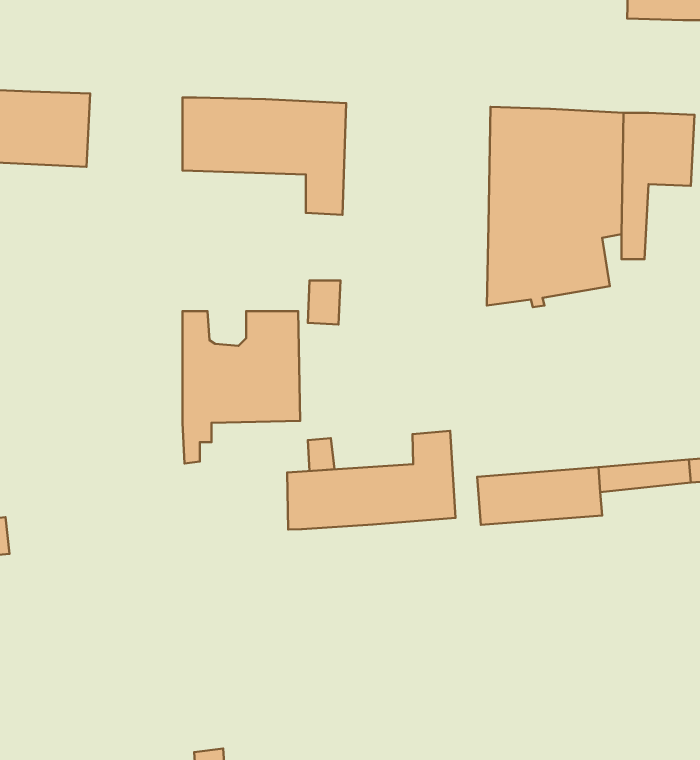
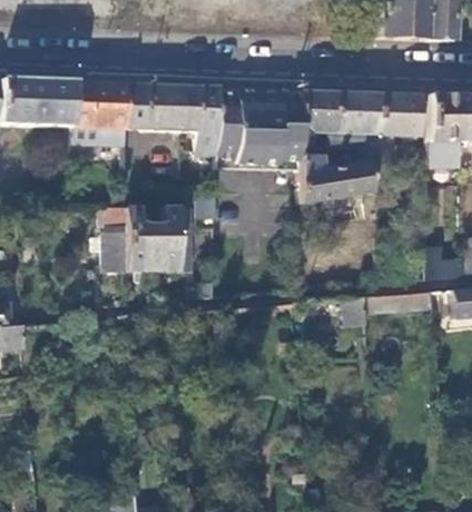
building: none -> [70,82,126,141]
building: none -> [218,88,304,163]
building: none -> [101,208,126,273]
building: [287,431,455,530] -> none

